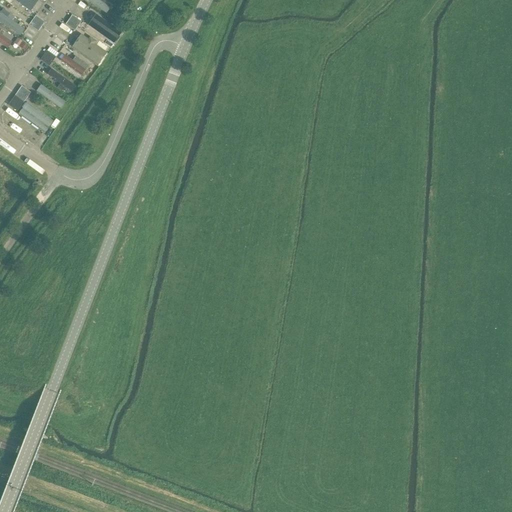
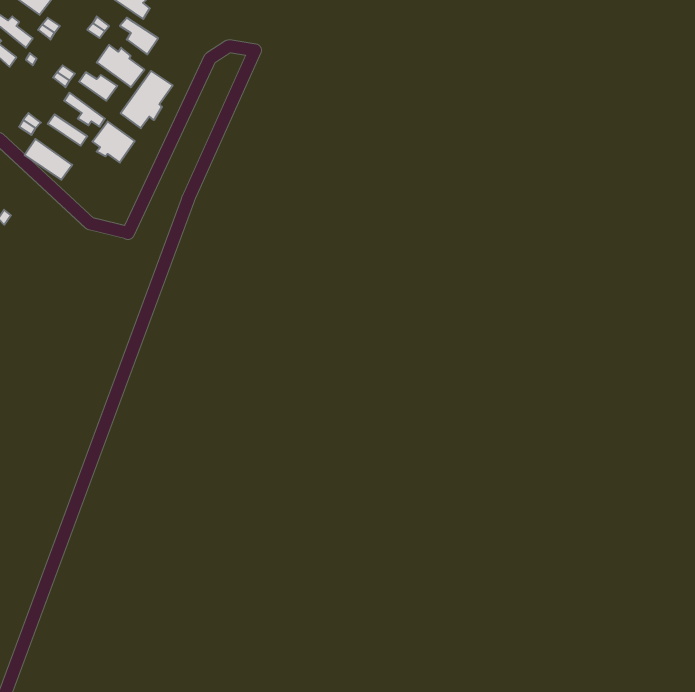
building: none -> [121,71,173,128]
building: none -> [92,121,135,163]

